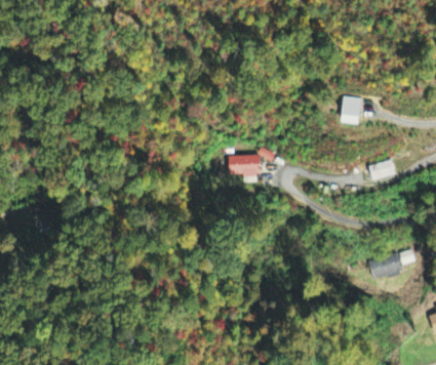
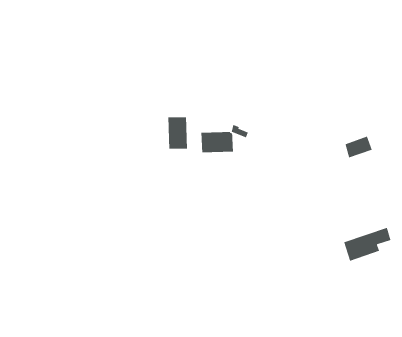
building: [342,96,361,123] -> none
building: none -> [167,117,188,149]

